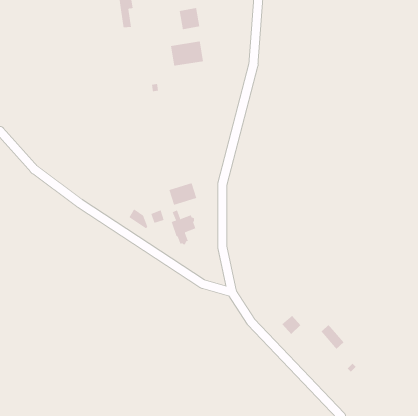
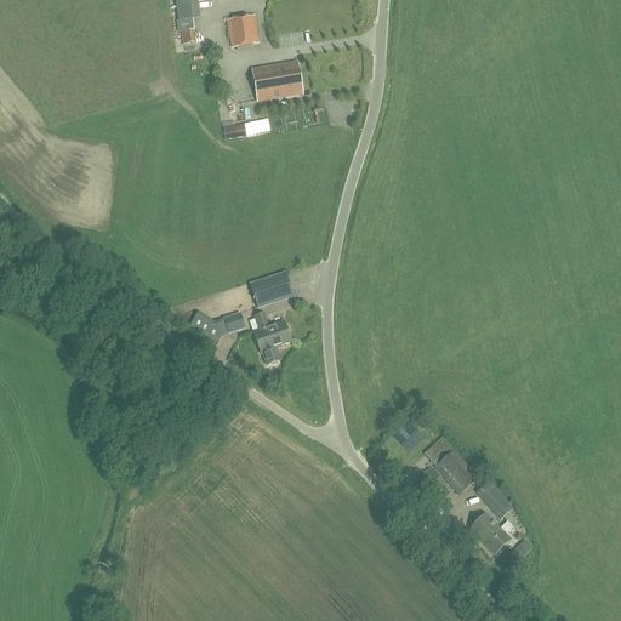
building: [179,8,200,30] -> [227,12,258,45]
building: none -> [435,450,478,492]
building: none -> [471,512,514,552]

